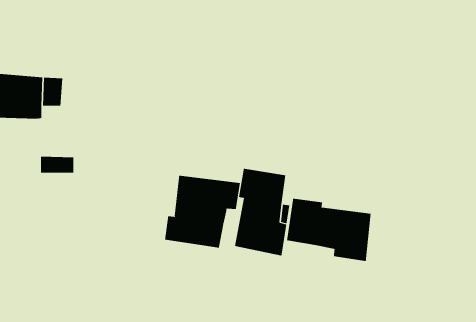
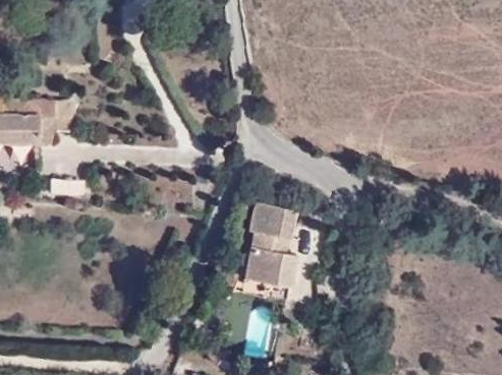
building: [164,175,241,248] -> none
building: [287,198,371,262] -> none

